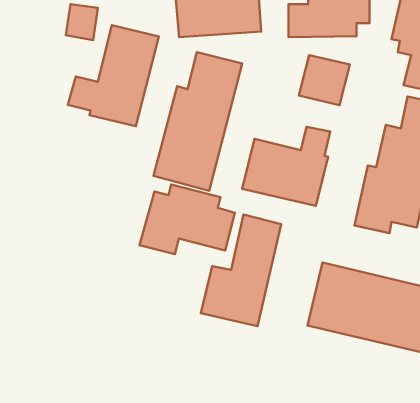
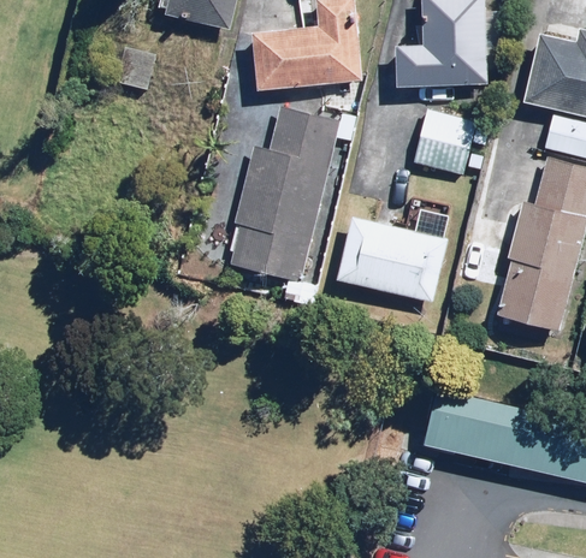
building: [68,25,159,126] -> none
building: [140,185,235,254] -> none
building: [201,215,281,326] -> none

